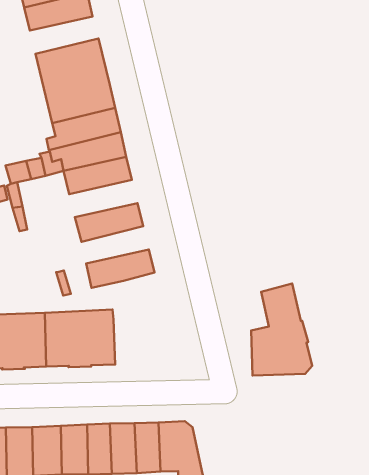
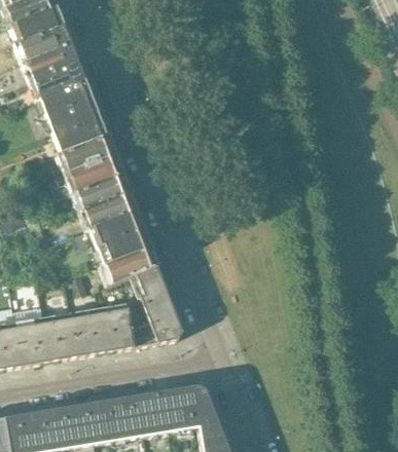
building: none -> [29,61,86,98]
building: none -> [79,191,137,228]
building: none -> [95,228,151,265]
building: [251,283,312,375] -> [130,265,184,345]

